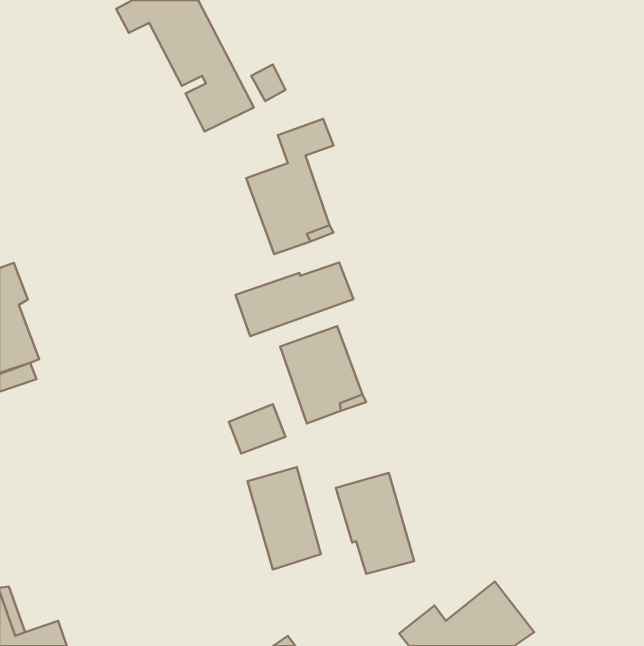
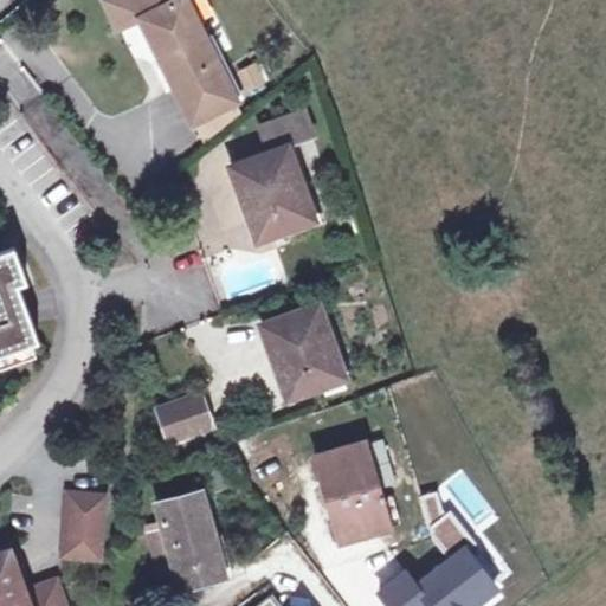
building: [236,263,353,336] -> none
building: [229,404,286,453] -> [159,394,212,440]
building: [248,467,321,569] -> [155,491,224,587]
building: none -> [63,502,102,556]

